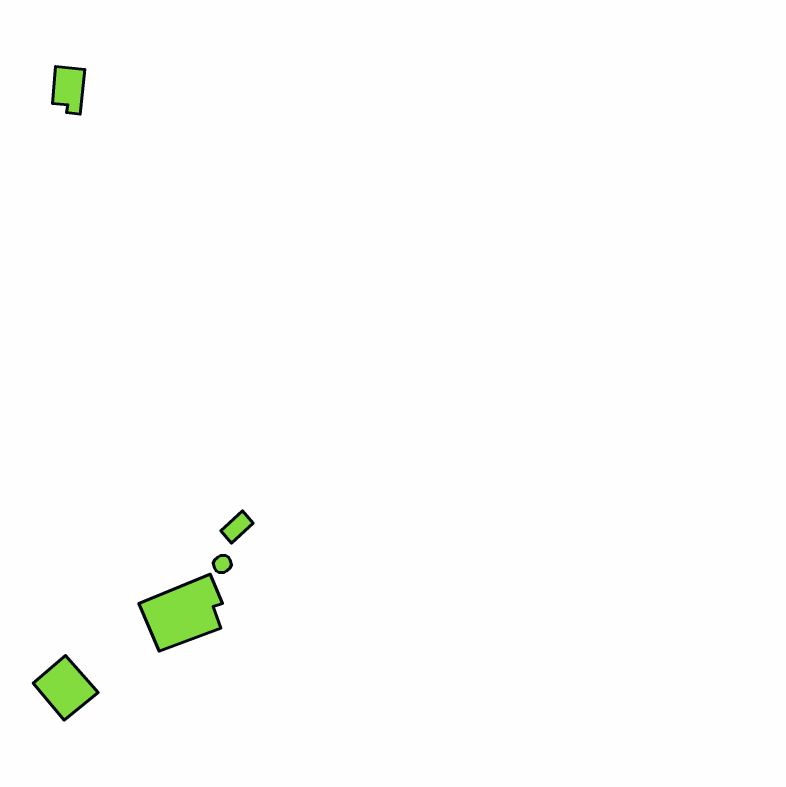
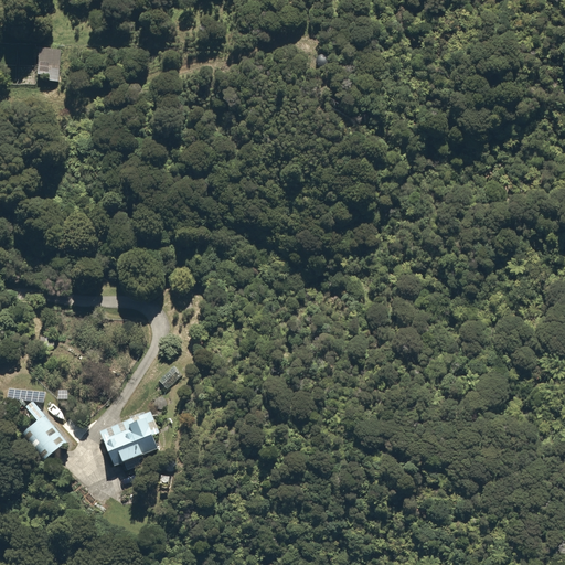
building: [33,656,98,720] -> [20,416,66,462]

